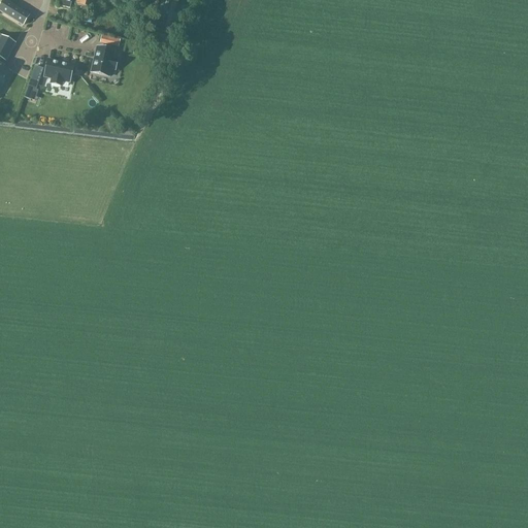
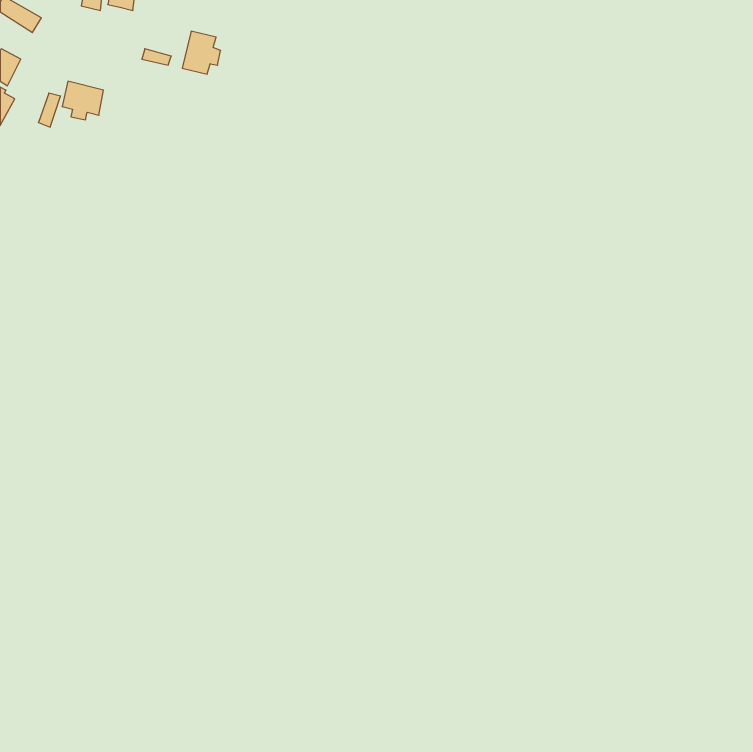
building: [91,44,118,74] -> [182,31,221,74]

